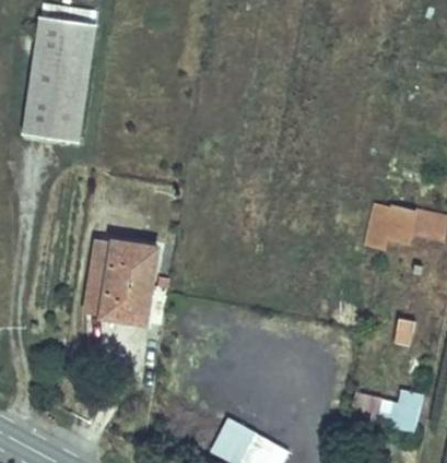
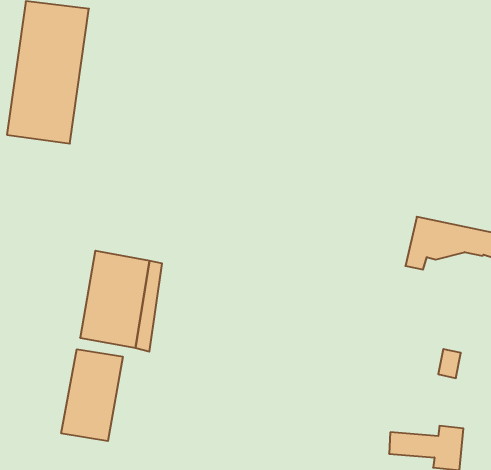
building: none -> [61,349,123,441]

